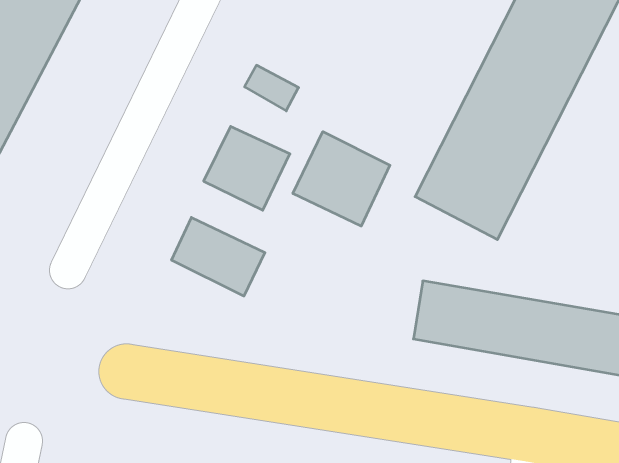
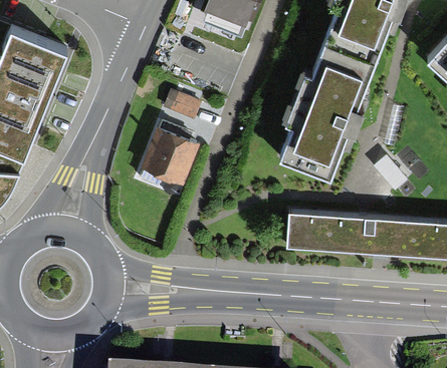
building: [293,132,390,226] -> none
building: [172,217,265,296] -> none

